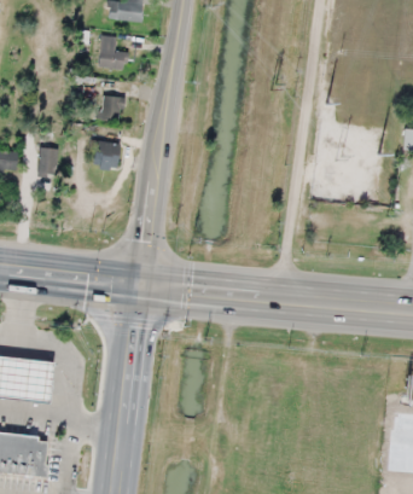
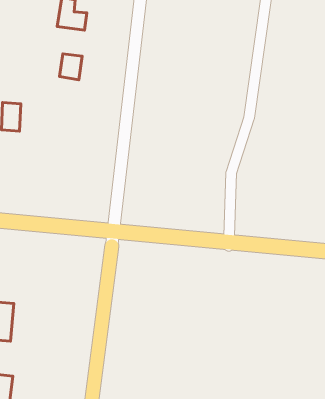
building: [89,140,120,170] -> none

